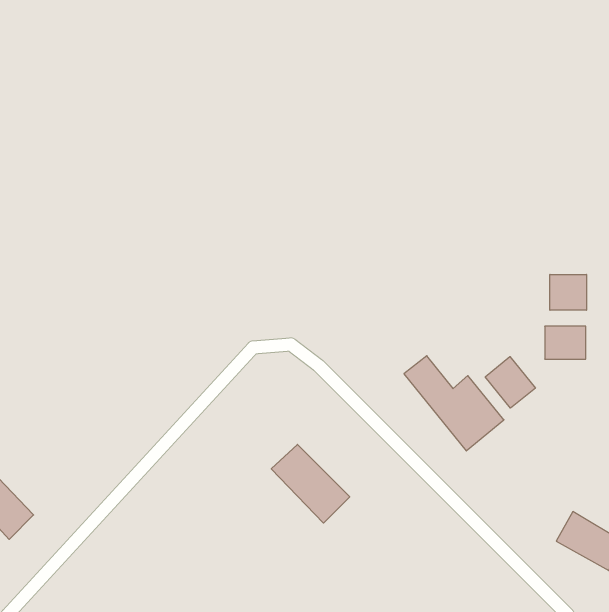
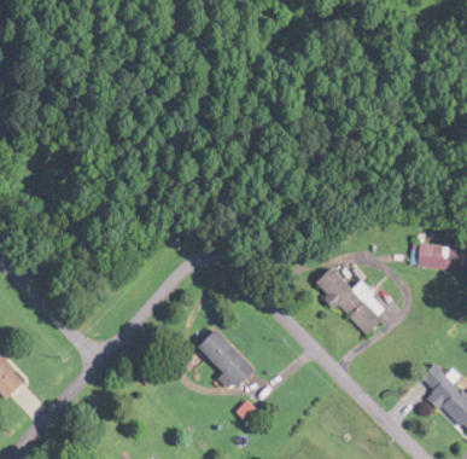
building: [550,274,586,310] -> none
building: [485,357,535,408] -> none

